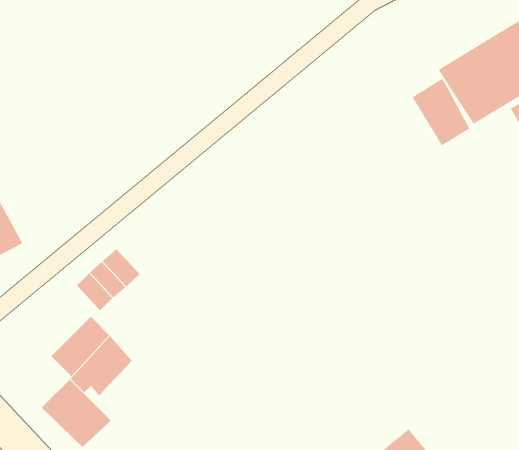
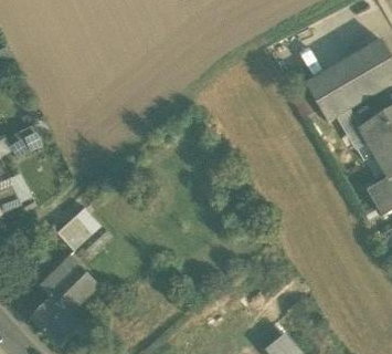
building: [412,78,470,146] -> none

